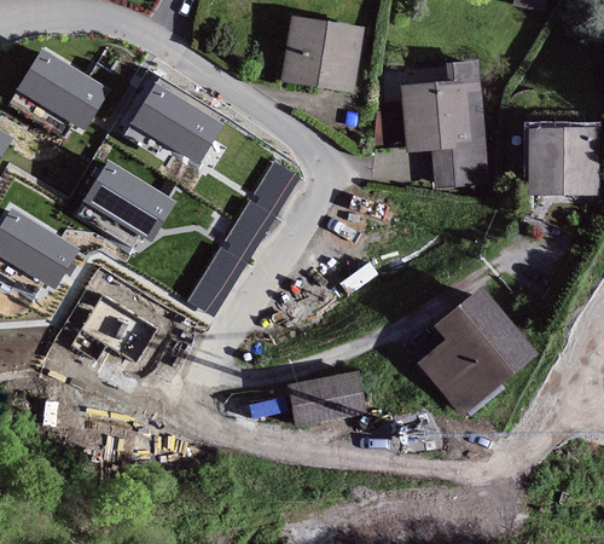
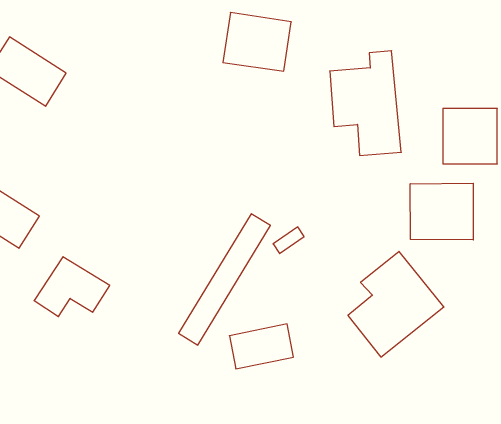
building: [130,83,219,162] -> none
building: [85,161,173,239] -> none
building: [190,164,294,313] -> [179,214,270,345]
building: none -> [410,183,473,240]

